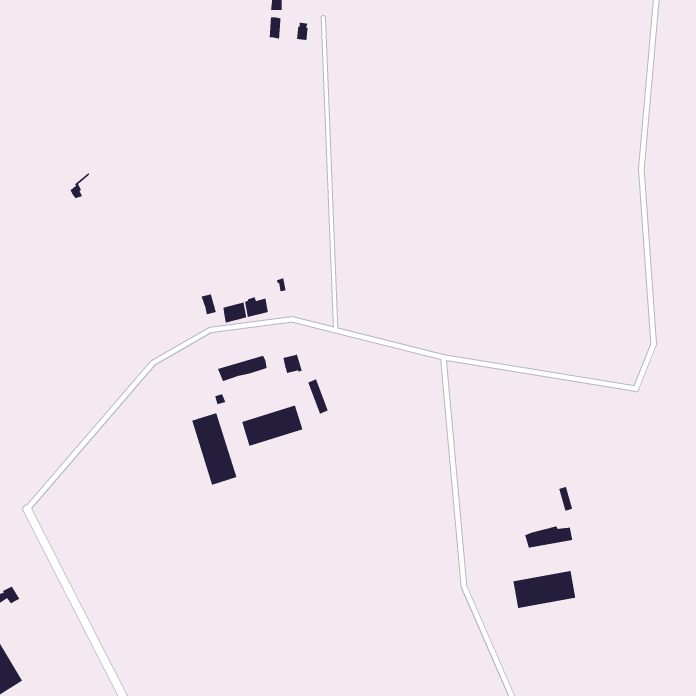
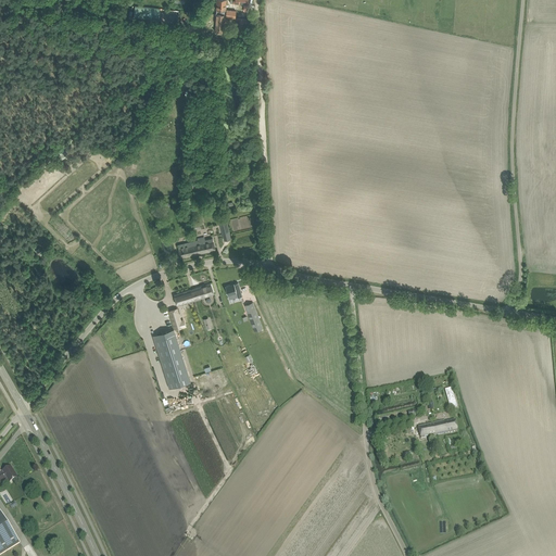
building: [241,404,303,447] -> none
building: [513,570,576,609] -> none

